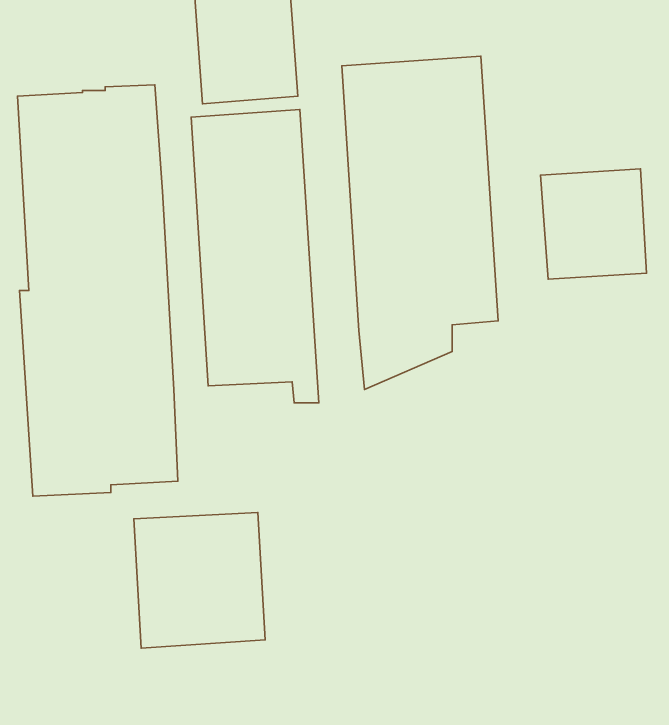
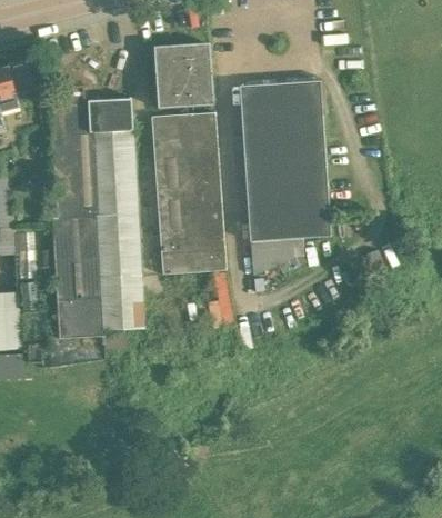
building: [540,169,646,279] -> none
building: [134,513,265,648] -> none

